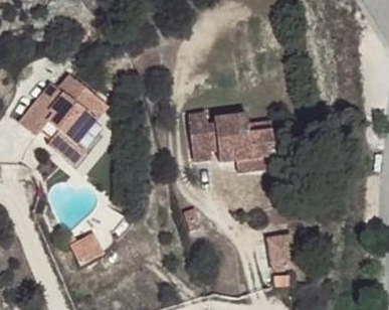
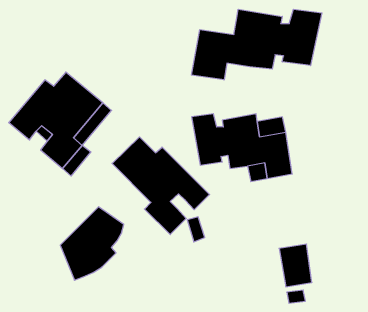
building: none -> [191,9,322,80]
building: none -> [112,137,210,235]

